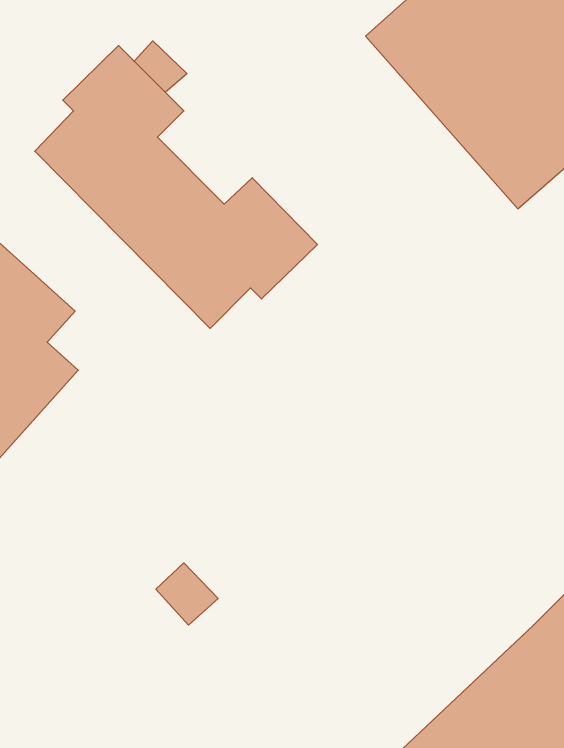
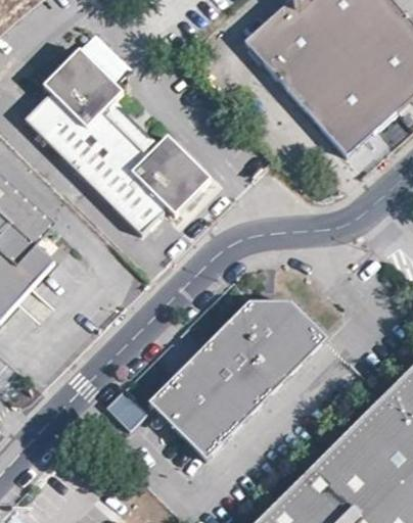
building: none -> [147,300,326,459]

